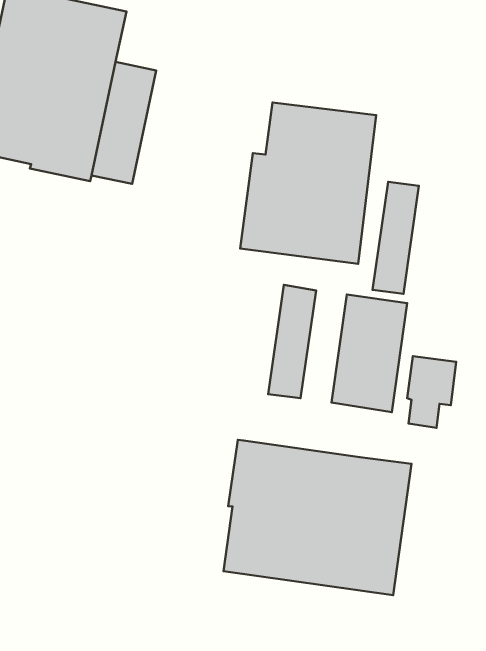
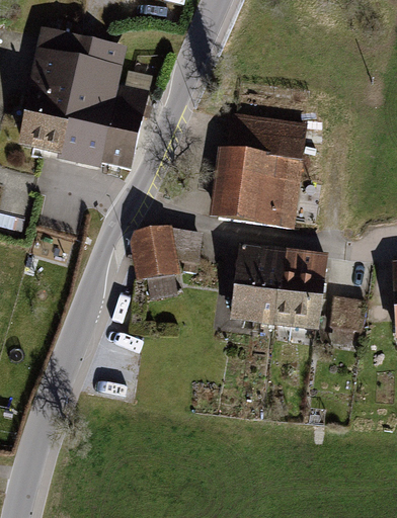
building: [373,182,419,294] -> [252,247,286,328]
building: none -> [129,224,202,296]
building: [224,440,412,595] -> none

